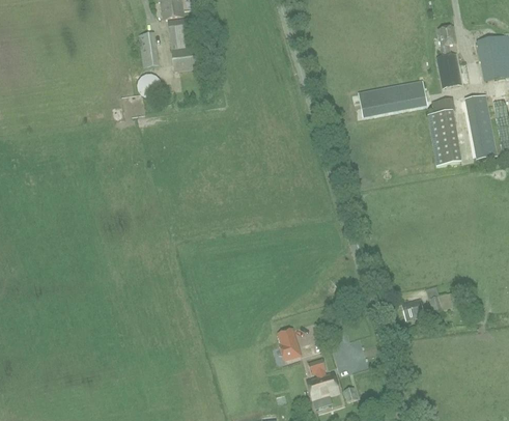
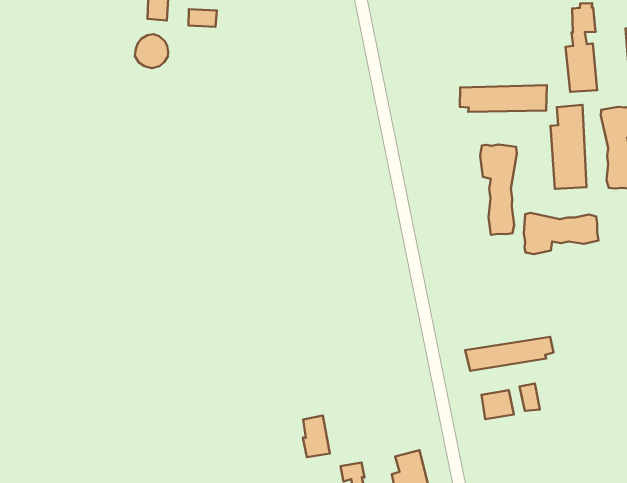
building: none -> [480,145,517,235]
building: none -> [524,213,598,254]
building: none -> [465,337,554,371]

